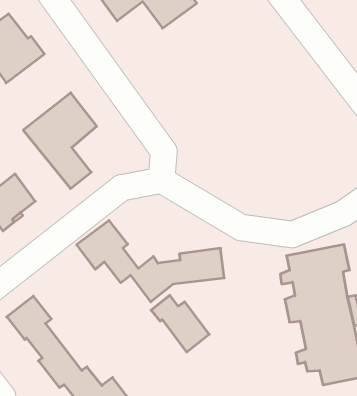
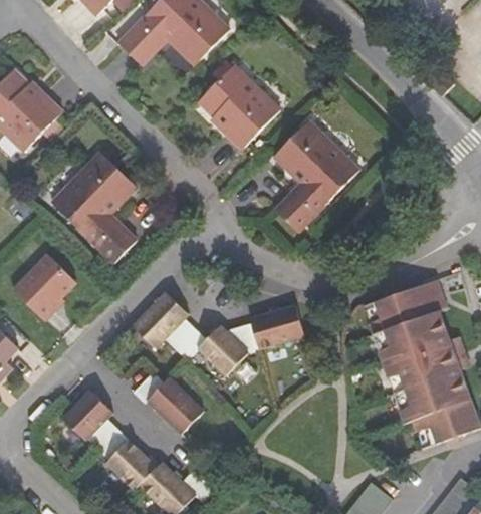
building: none -> [196,60,280,148]
building: none -> [274,122,358,232]
building: [151,295,209,352] -> [133,372,203,435]

